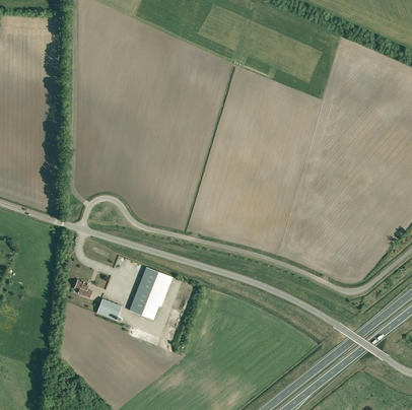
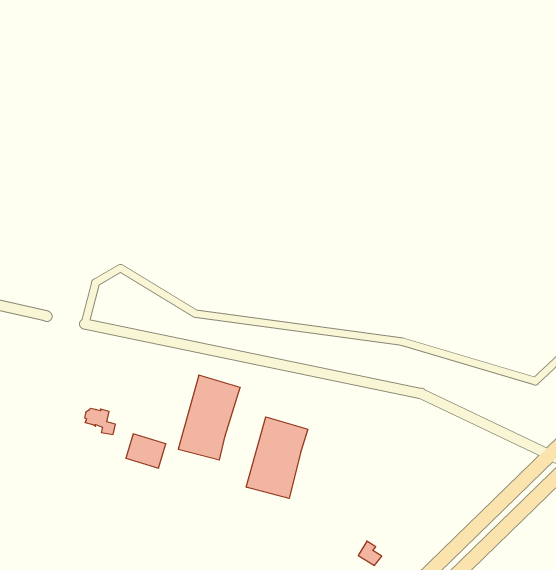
building: none -> [246,417,308,498]

